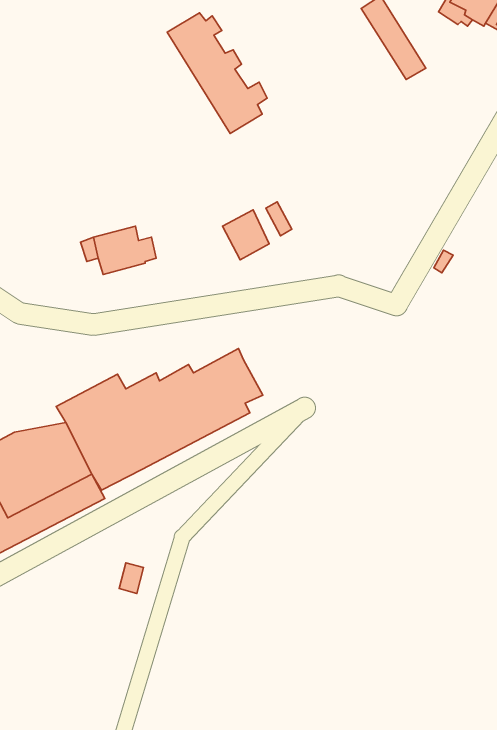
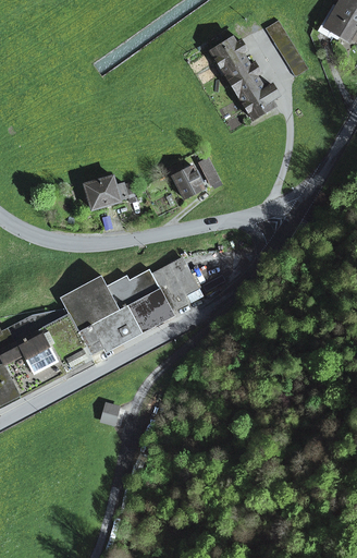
building: [167,13,267,134] -> [209,37,276,119]

